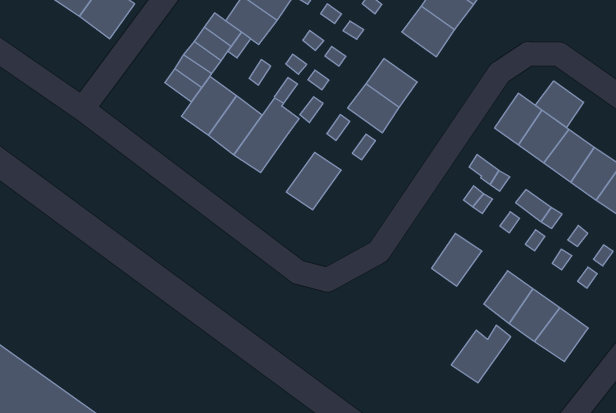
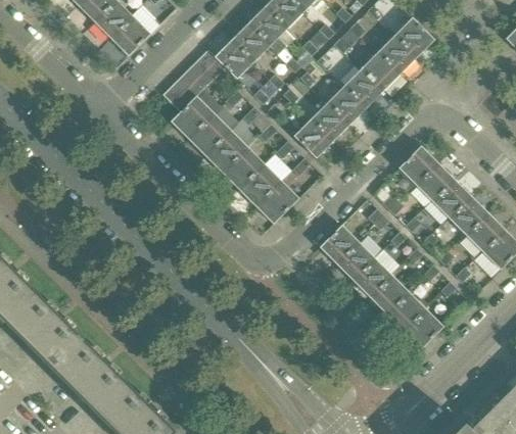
building: none -> [326,86,365,125]
building: [535,81,584,128] -> none
building: none -> [222,146,264,189]
building: none -> [255,180,298,223]
building: none -> [320,225,357,262]
building: [451,325,511,383] -> [351,255,398,295]

